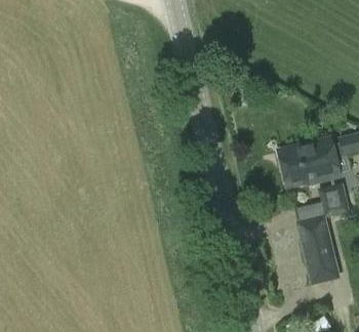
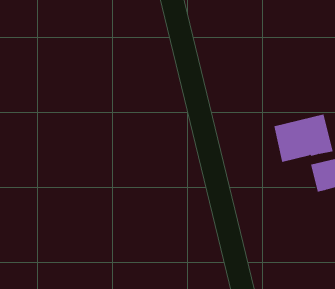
building: [298,217,334,286] -> none

